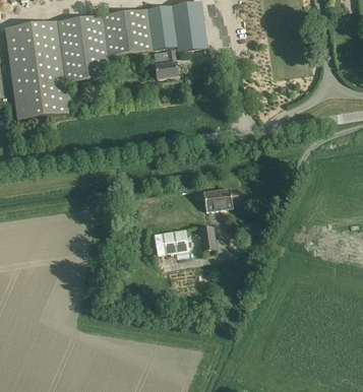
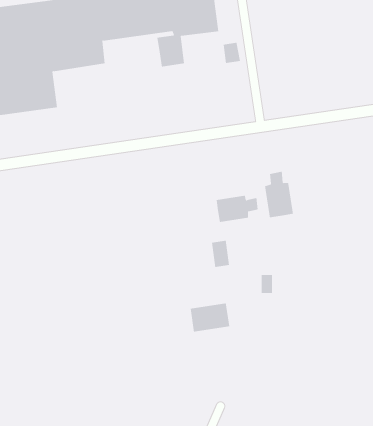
building: none -> [264,171,294,218]
building: [154,227,188,253] -> [190,303,230,332]

